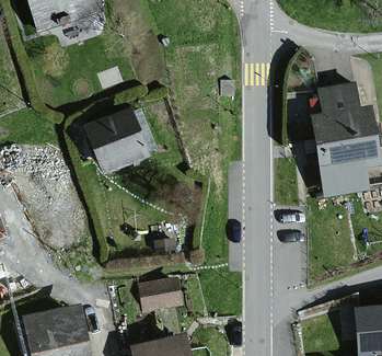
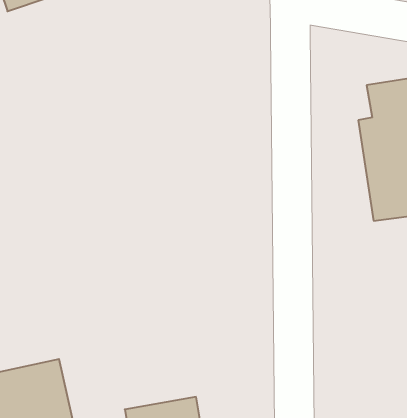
building: [84,107,153,171] -> none
building: [142,275,184,310] -> none

